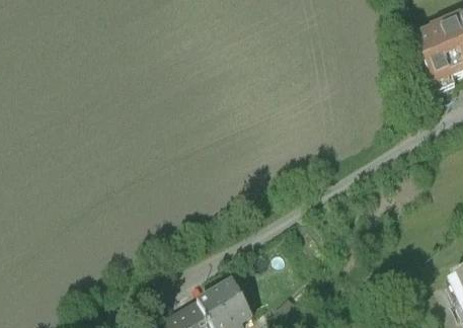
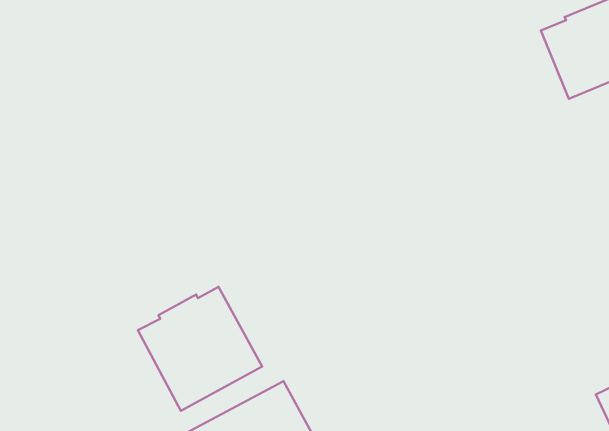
building: none -> [138,287,262,411]

